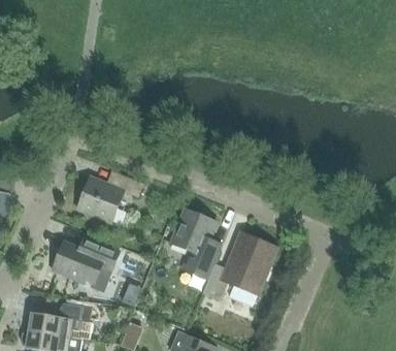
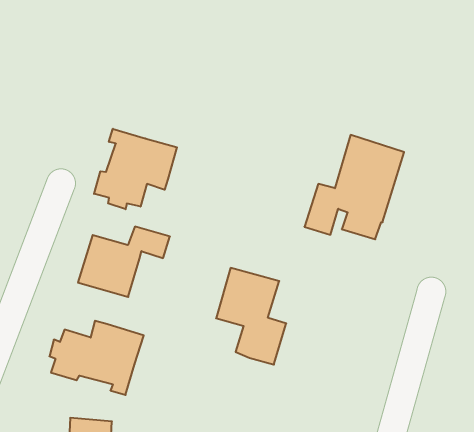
building: none -> [94,129,177,209]
building: [202,232,276,307] -> [304,135,404,239]

